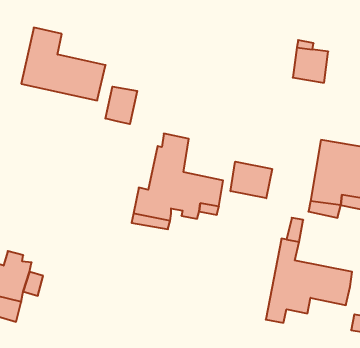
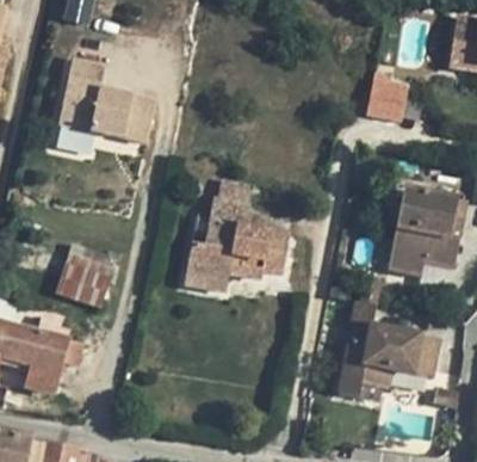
building: [105,87,137,124] -> none
building: [231,162,272,198] -> none
building: none -> [56,247,116,303]

